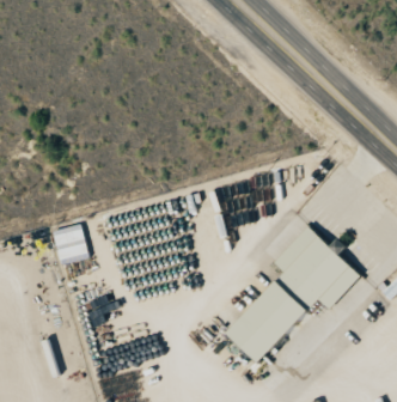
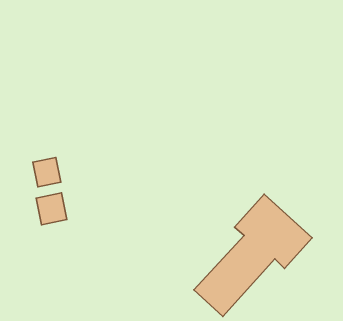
building: none -> [33,158,61,187]

